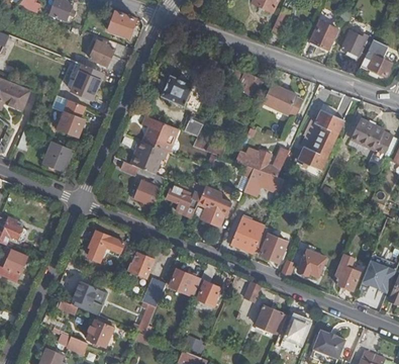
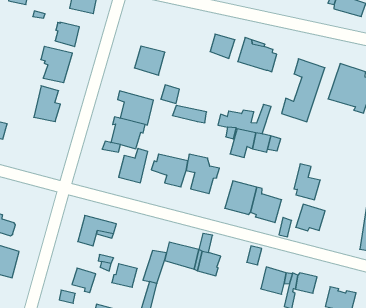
building: [43,143,73,173] -> none
building: [127,254,154,278] -> [112,264,137,287]
building: [333,254,360,290] -> [294,164,320,200]

